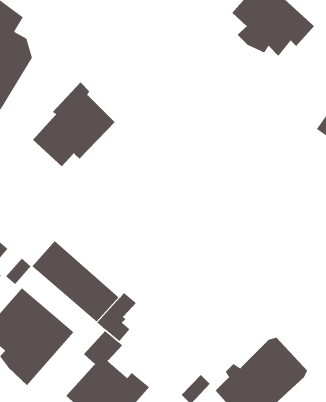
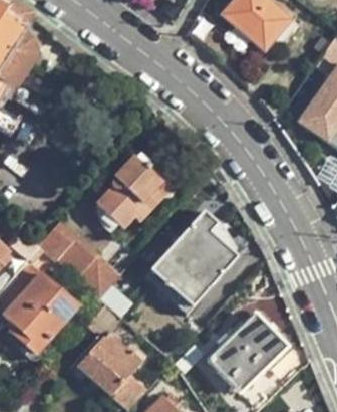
building: [32,82,116,167] -> [95,152,172,230]
building: none -> [144,212,238,316]

